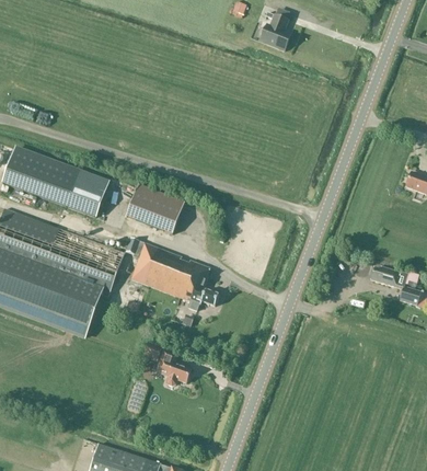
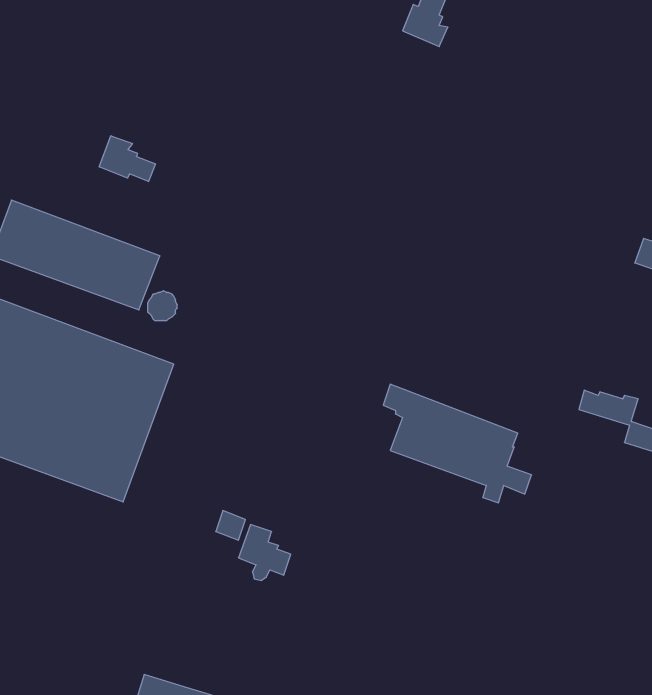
building: none -> [99,136,155,182]
building: [126,184,184,233] -> none
building: [126,237,219,311] -> [383,384,532,503]

